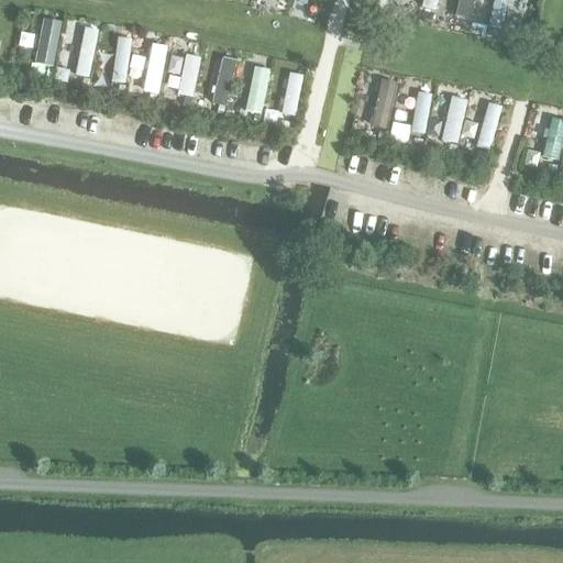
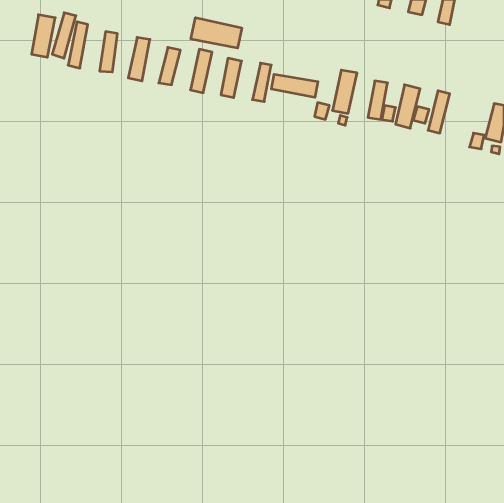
building: none -> [191,18,242,48]
building: none -> [271,74,318,97]

